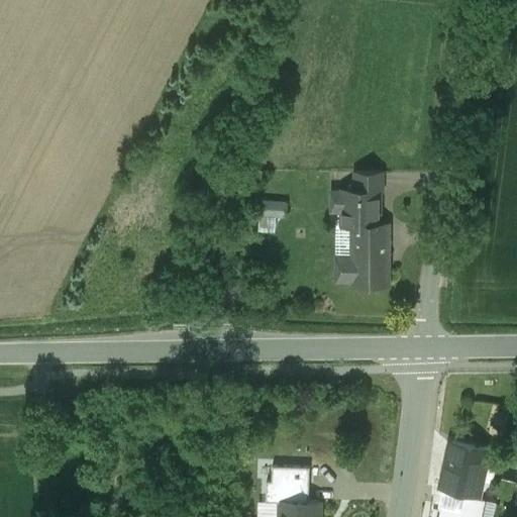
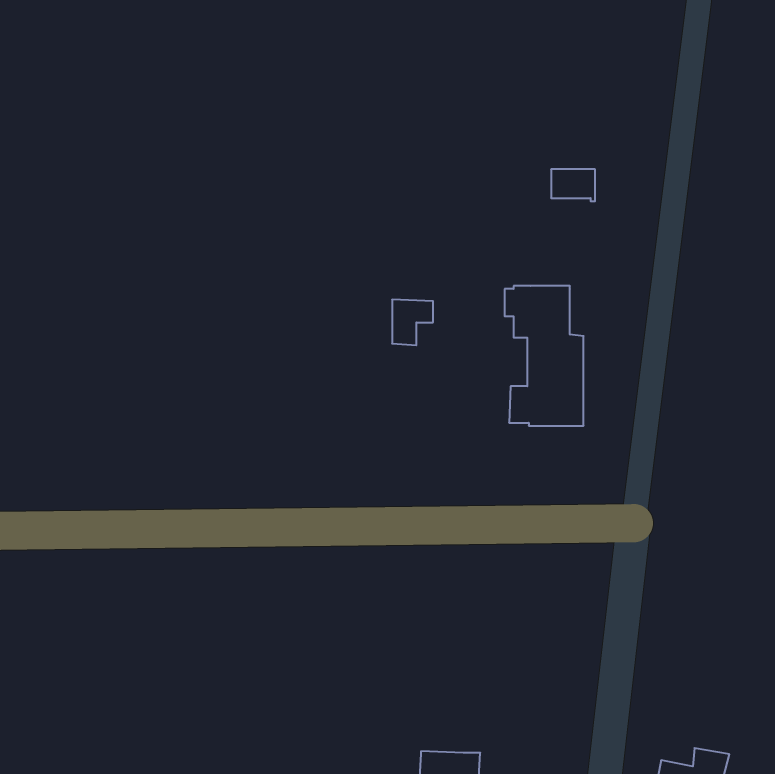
building: [352,173,382,194] -> [551,169,595,201]
building: [447,446,489,497] -> none
building: [265,467,309,503] -> none

